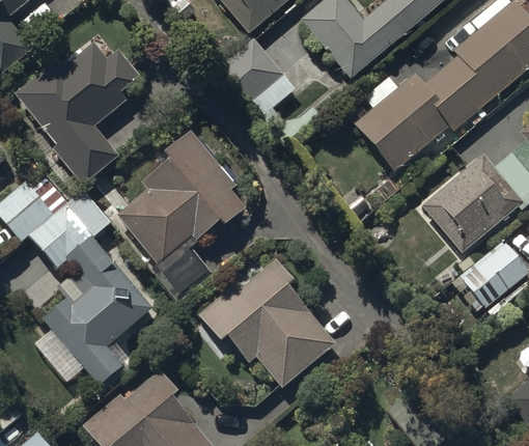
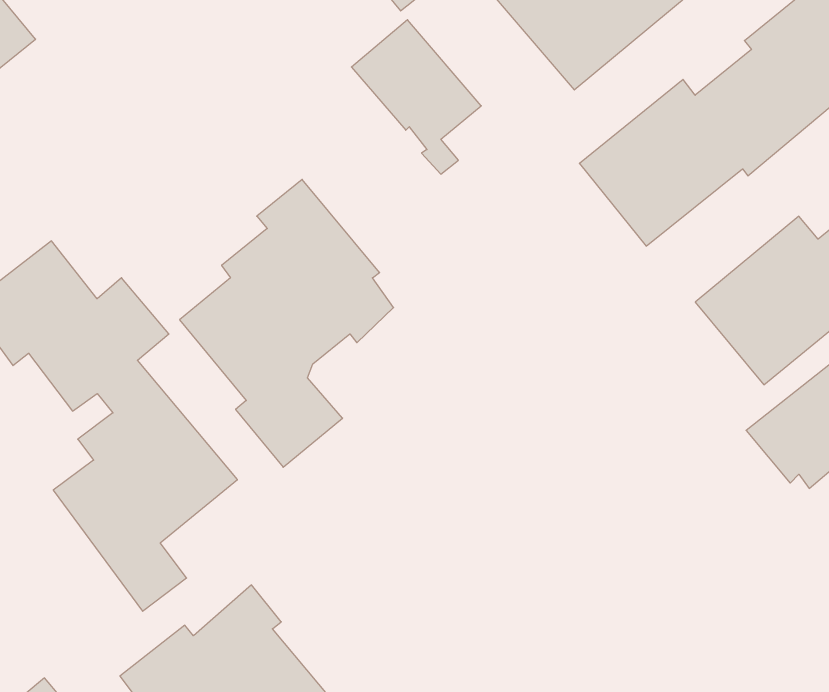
building: [16,44,140,185] -> none
building: [198,260,336,388] -> none

